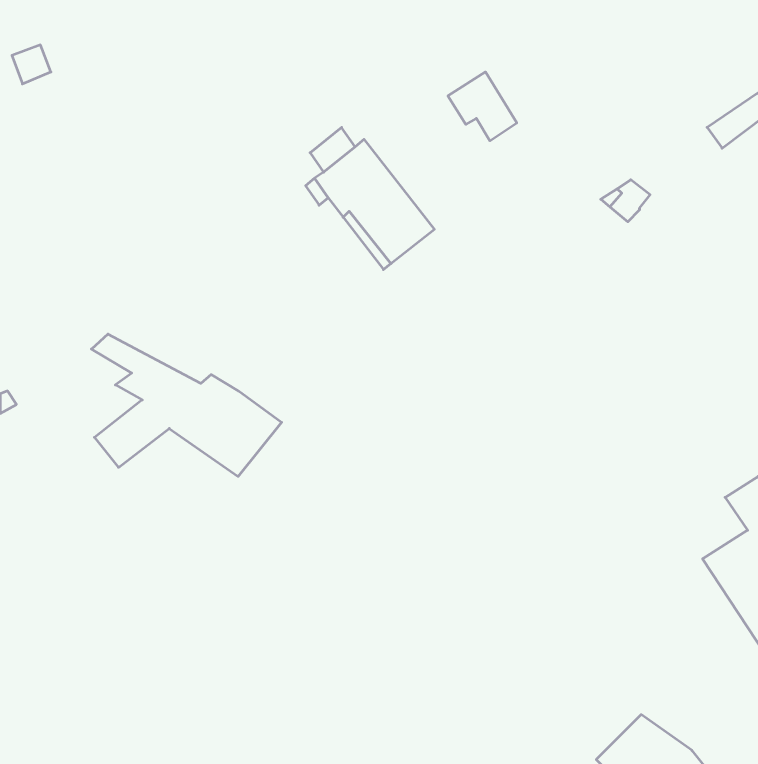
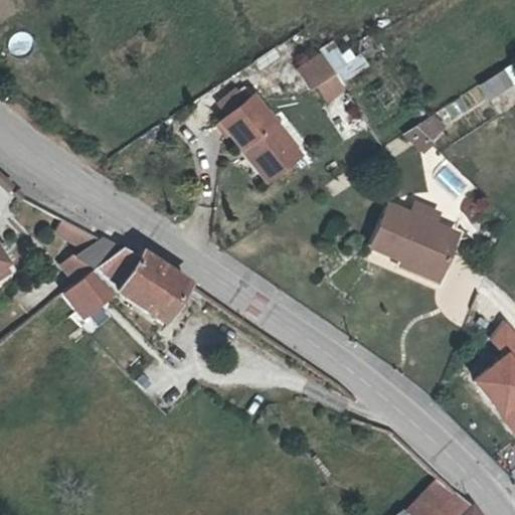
building: none -> [374,206,462,281]

